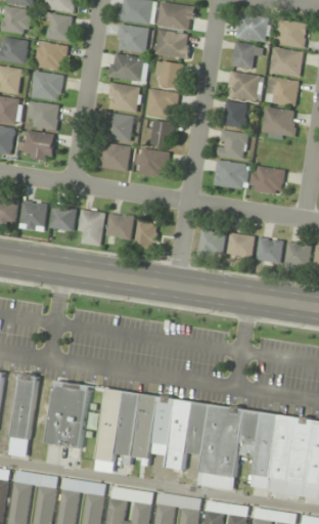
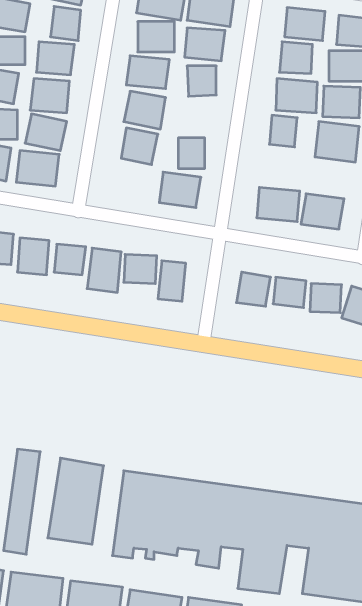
building: [147,92,176,117] -> none
building: [217,131,246,159] -> none
building: [96,142,130,171] -> none

